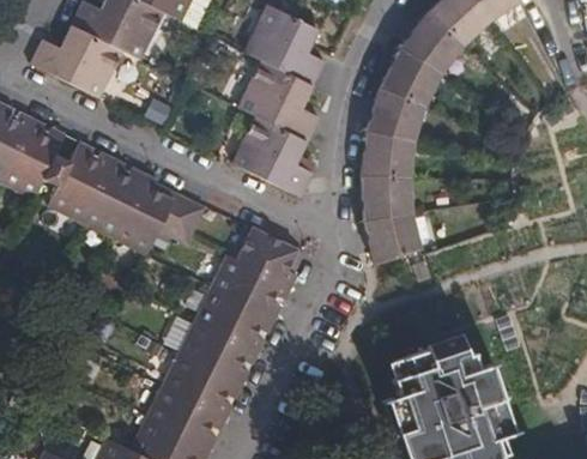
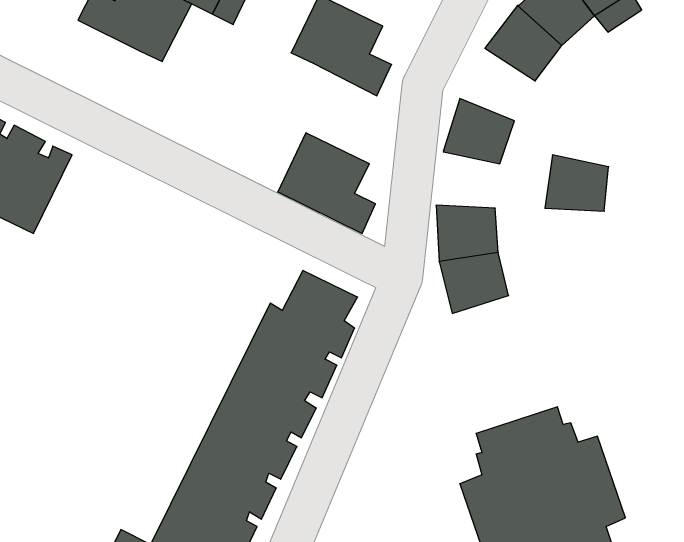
building: [30,26,121,99] -> none
building: [380,49,441,108] -> none
building: [237,61,319,143] -> none
building: [361,133,412,179] -> [545,155,609,211]
building: [48,143,206,256] -> none

